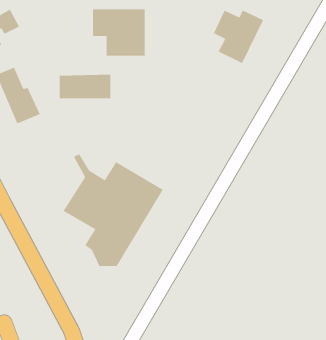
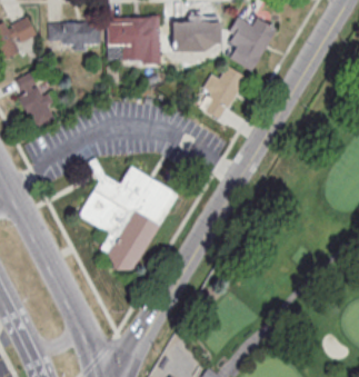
building: none -> [168,20,220,51]
building: none -> [197,67,246,118]
building: [59,74,111,99] -> [49,21,100,46]

